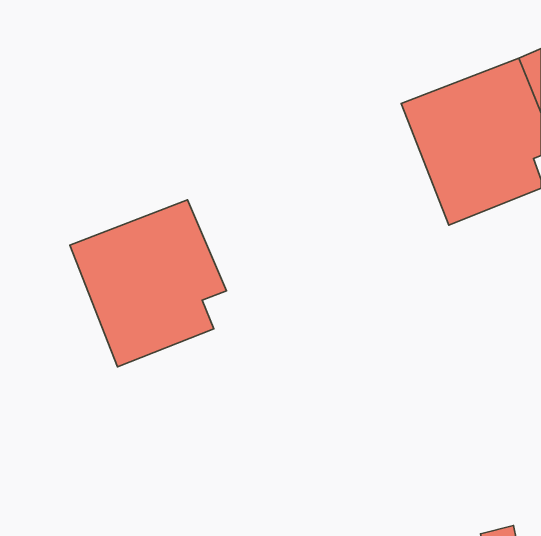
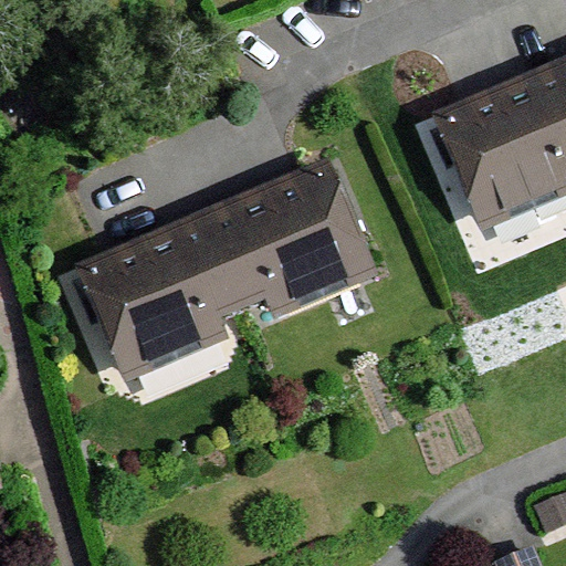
building: none -> [196,161,378,328]

